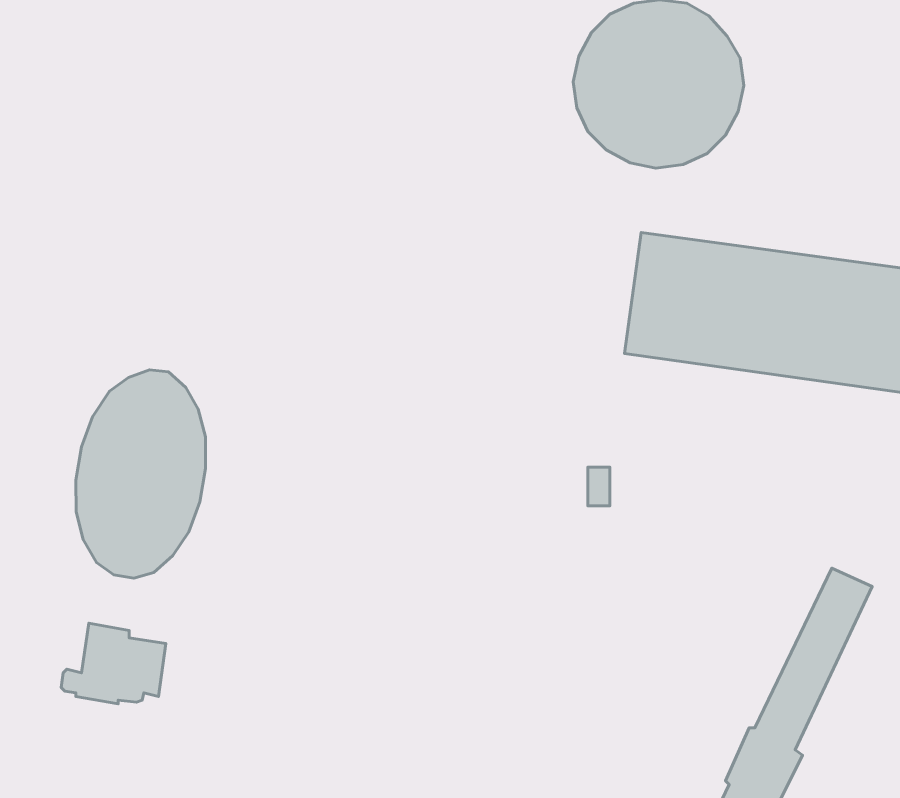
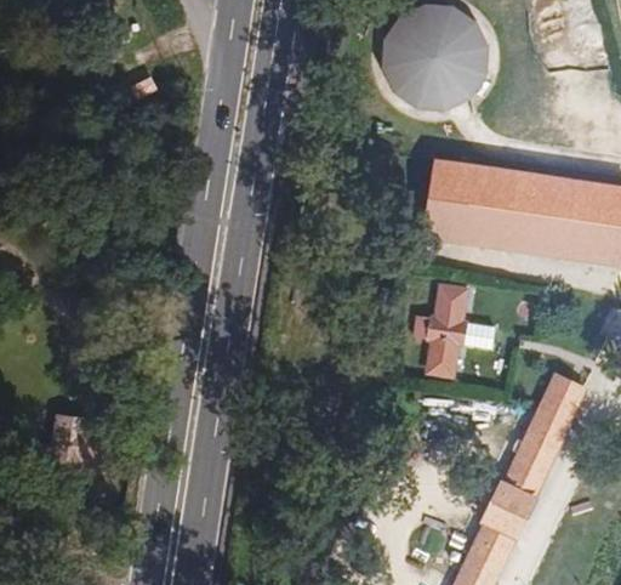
building: [76,370,206,578] -> none
building: none -> [426,288,468,376]

